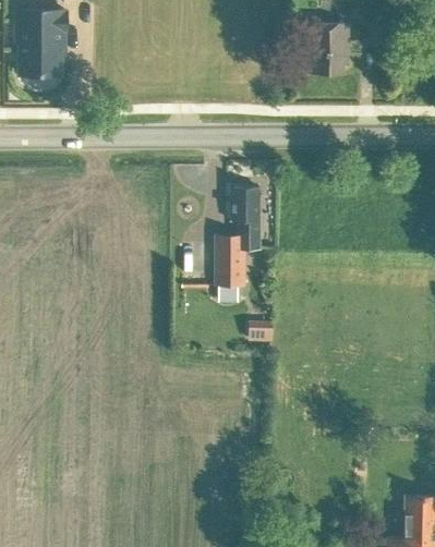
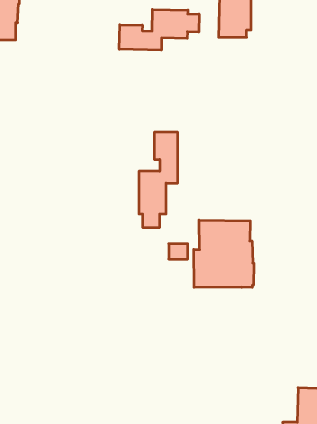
building: none -> [119,9,199,50]
building: none -> [194,220,254,287]

